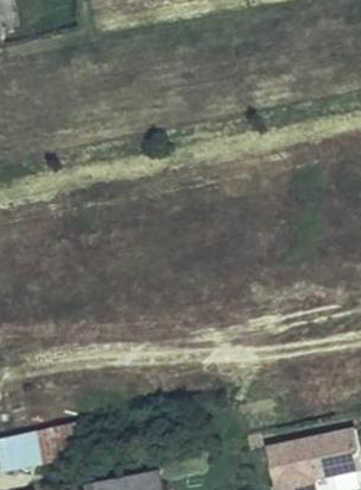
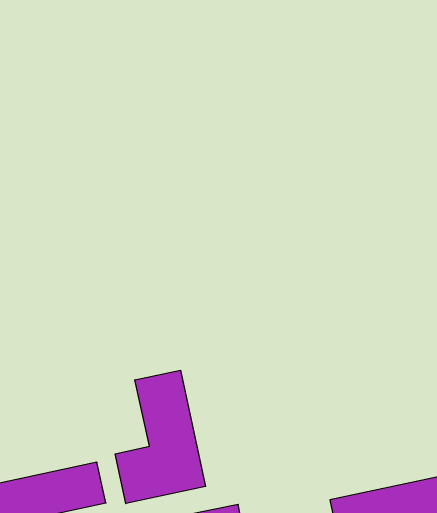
building: none -> [115,370,206,504]

